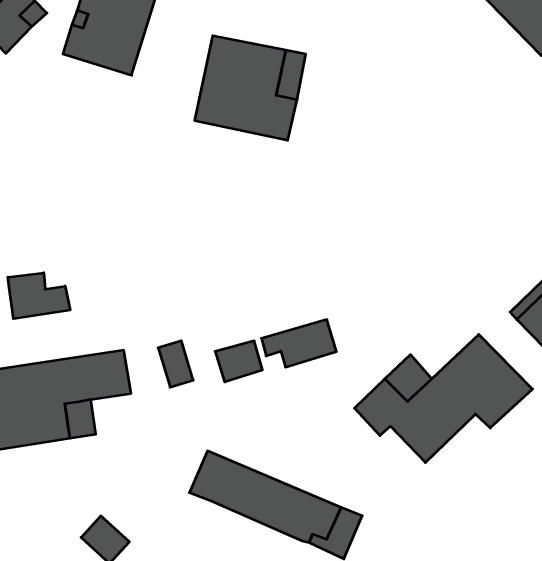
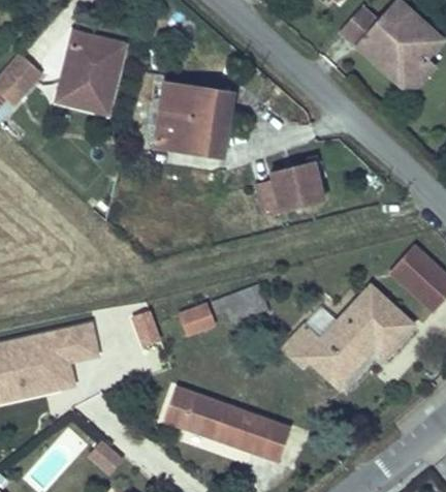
building: none -> [255,160,327,217]
building: [8,273,70,319] -> none

